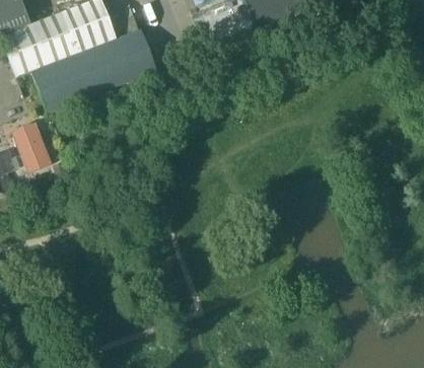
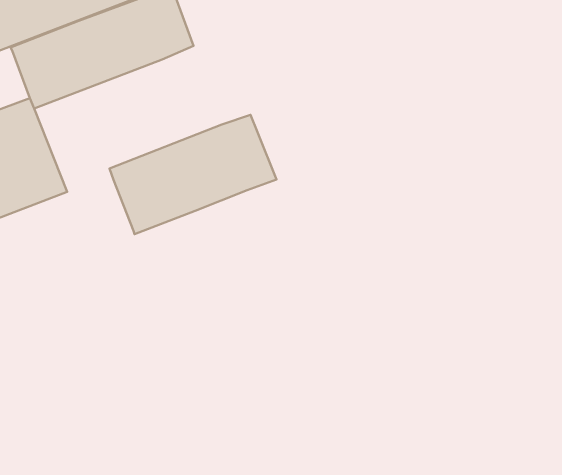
building: none -> [109,115,277,234]

